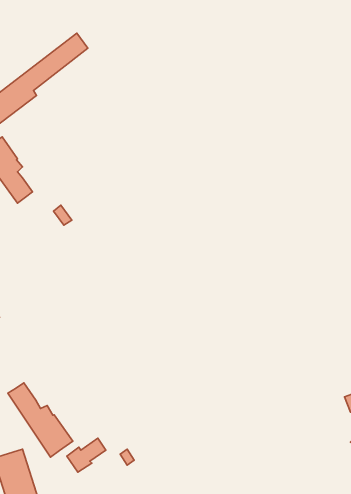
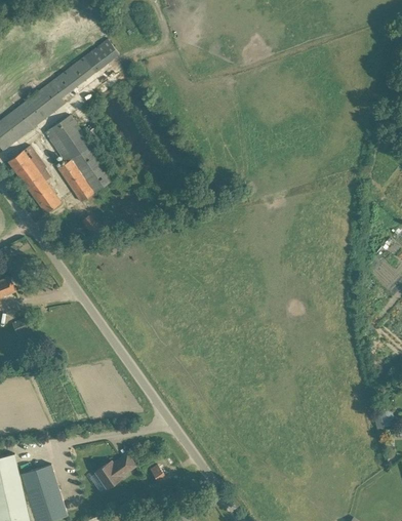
building: none -> [44,116,114,202]
building: [8,383,73,457] -> none

